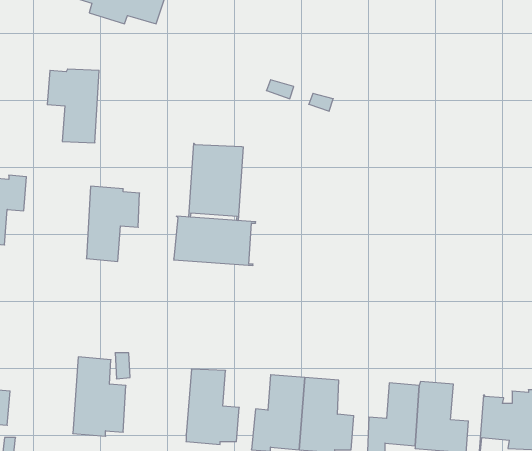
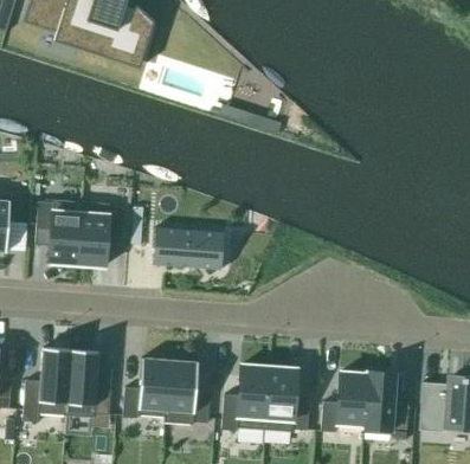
building: [47,69,99,143] -> [36,200,81,264]
building: [189,143,243,221] -> none
building: none -> [22,348,70,423]
building: none -> [122,357,168,418]

